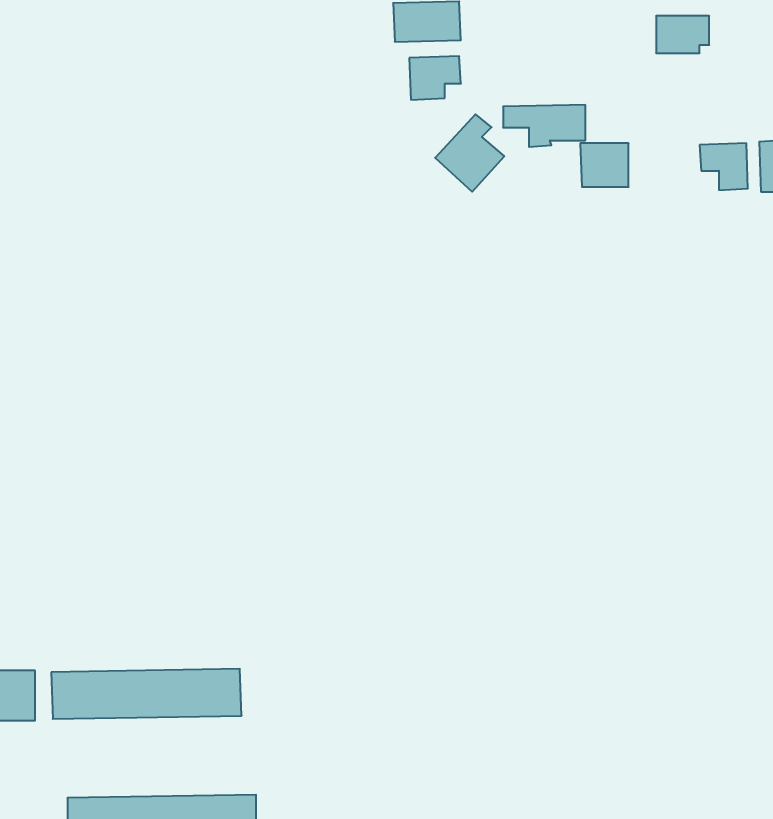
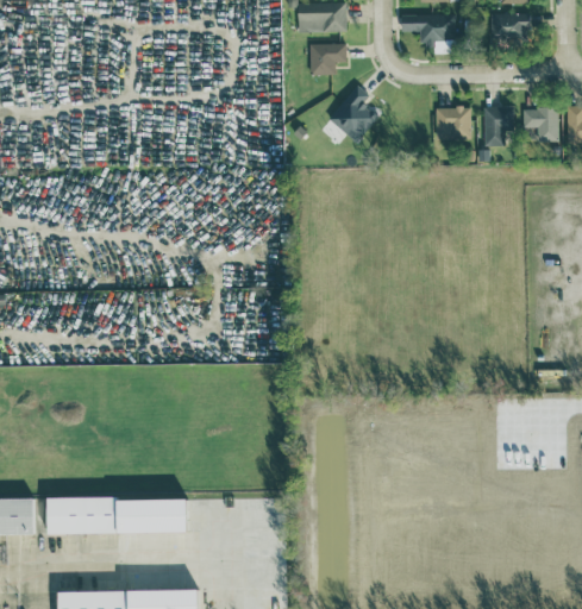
building: [503,105,585,147] -> [401,15,462,46]
building: none -> [484,107,514,146]

